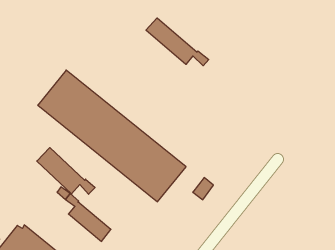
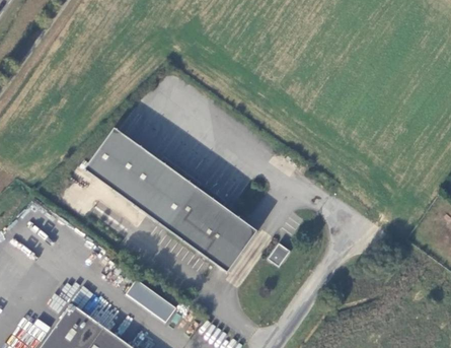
building: [146,18,209,66] -> none
building: [37,148,95,194] -> none

